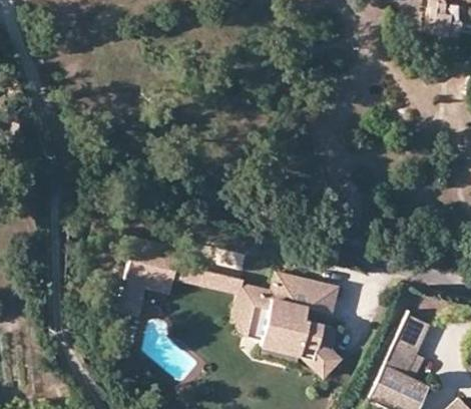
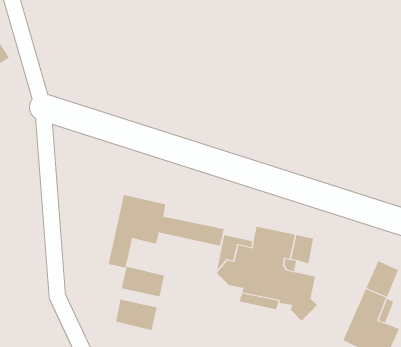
building: none -> [121,266,164,297]
building: none -> [115,299,157,331]

